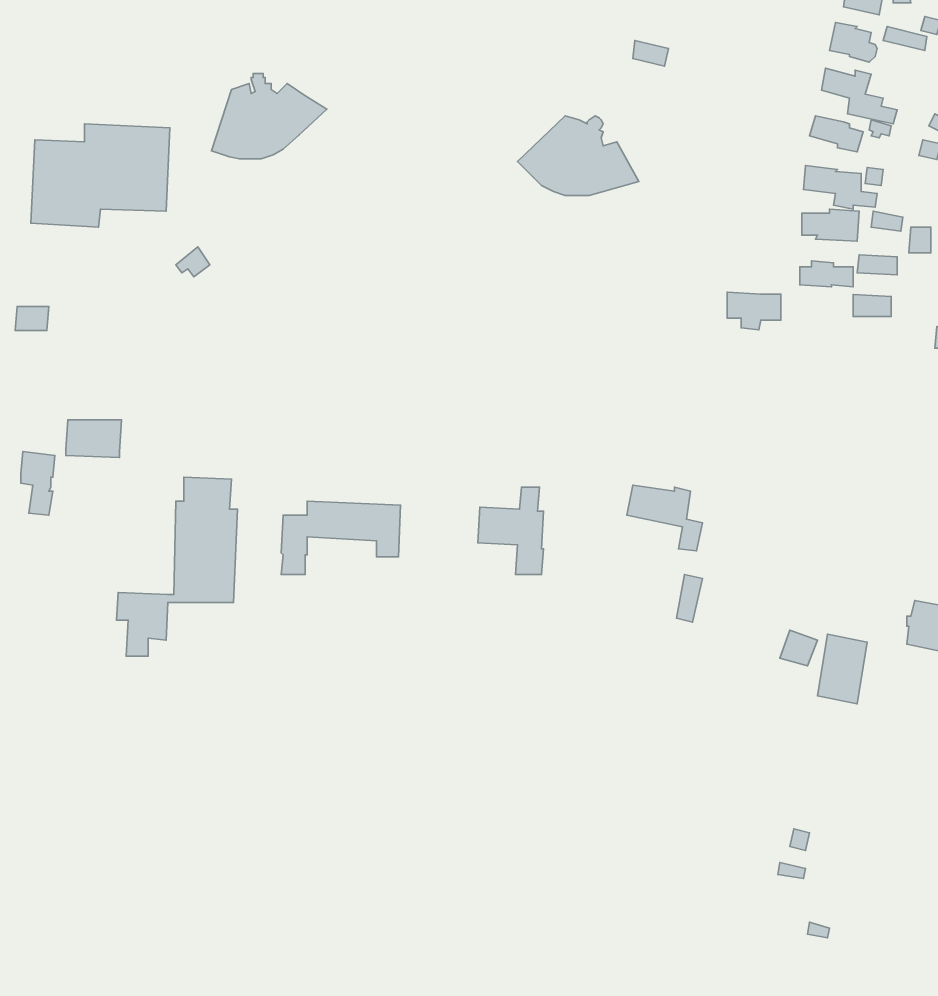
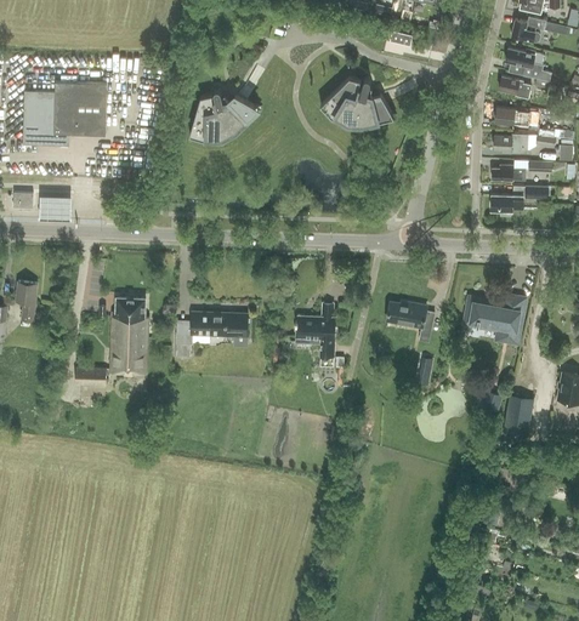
building: [212,74,327,159] -> [189,87,260,139]
building: [727,292,781,330] -> [492,194,524,217]
building: [66,420,122,457] -> [39,193,73,216]
building: none -> [462,295,524,342]

